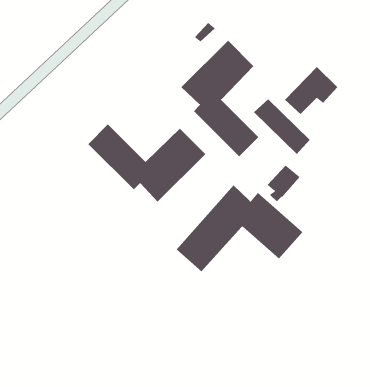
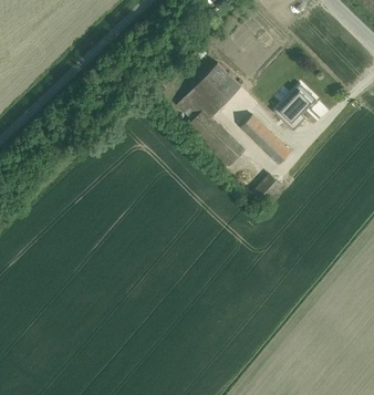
building: [88,124,206,203] -> none
building: [176,184,303,272] -> none

